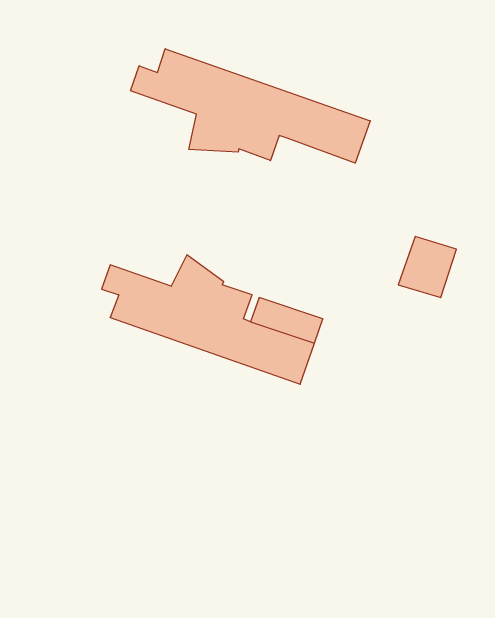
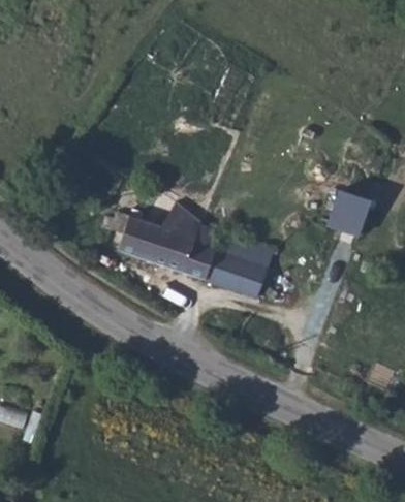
building: [131,49,370,163] -> none

